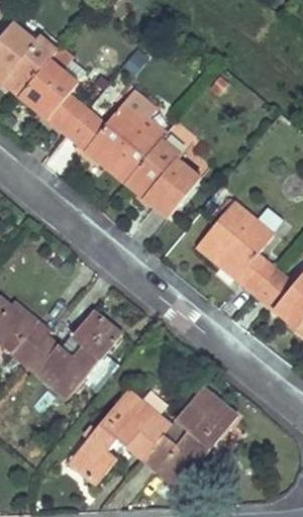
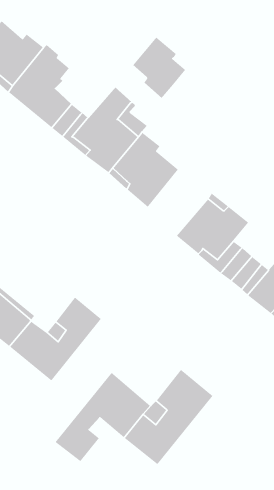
building: none -> [132,36,186,99]

